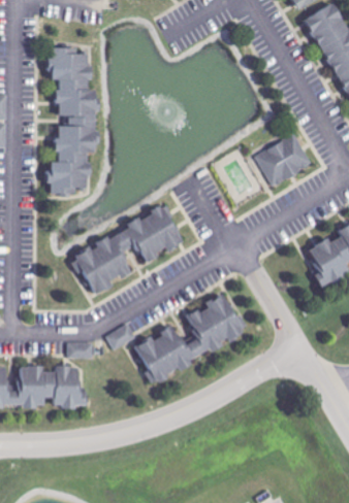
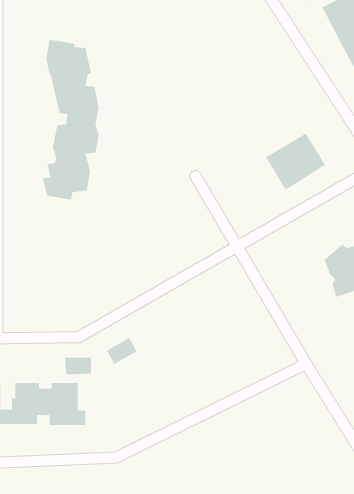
building: [73,204,185,296] -> none
building: [134,292,247,384] -> none

